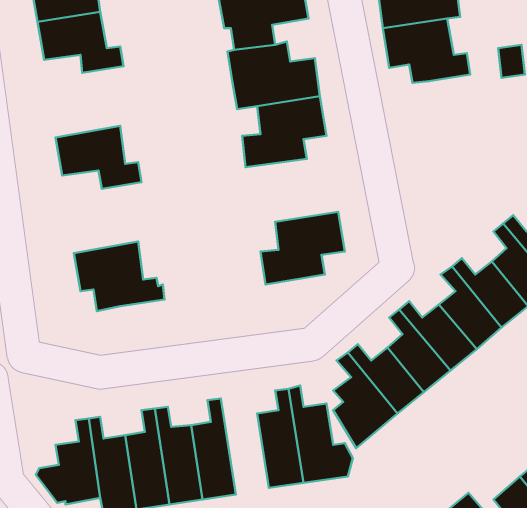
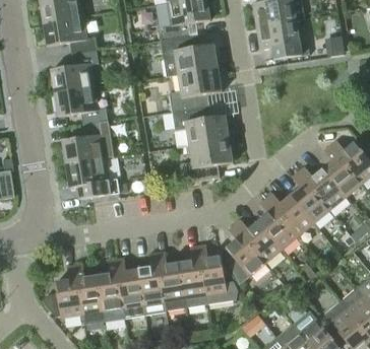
building: none -> [51,49,99,92]
building: none -> [172,106,229,146]
building: none -> [63,120,114,163]
building: none -> [157,252,186,311]

